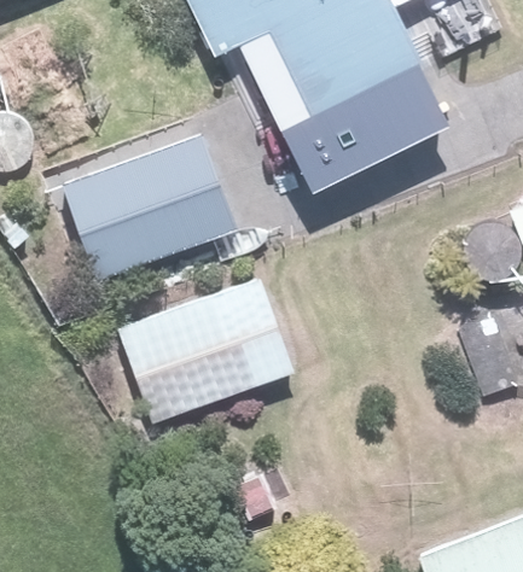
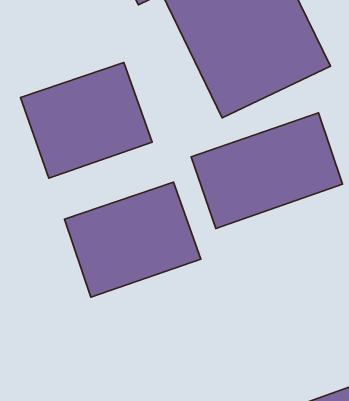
building: none -> [191,113,343,229]

